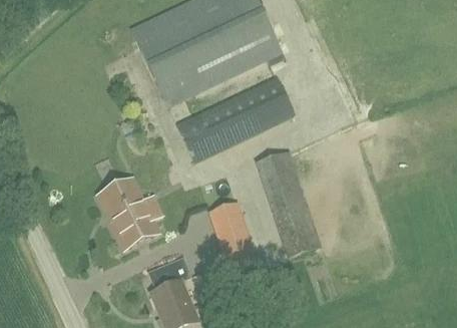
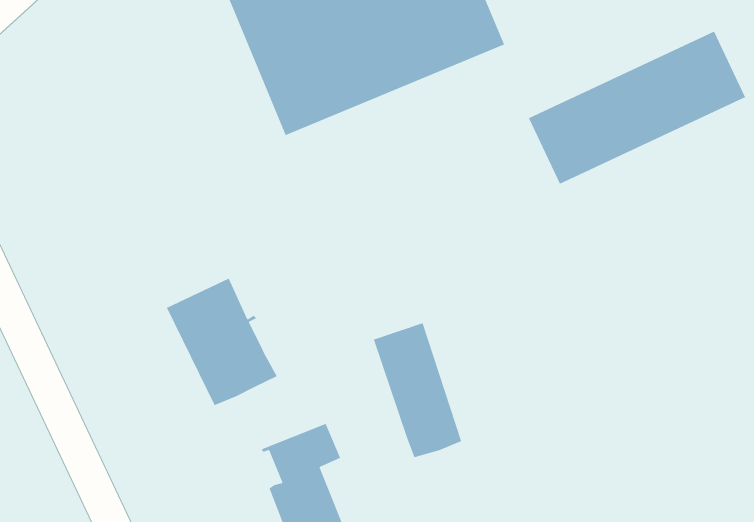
building: [177,78,295,161] -> [528,30,746,185]
building: [258,151,321,258] -> none

